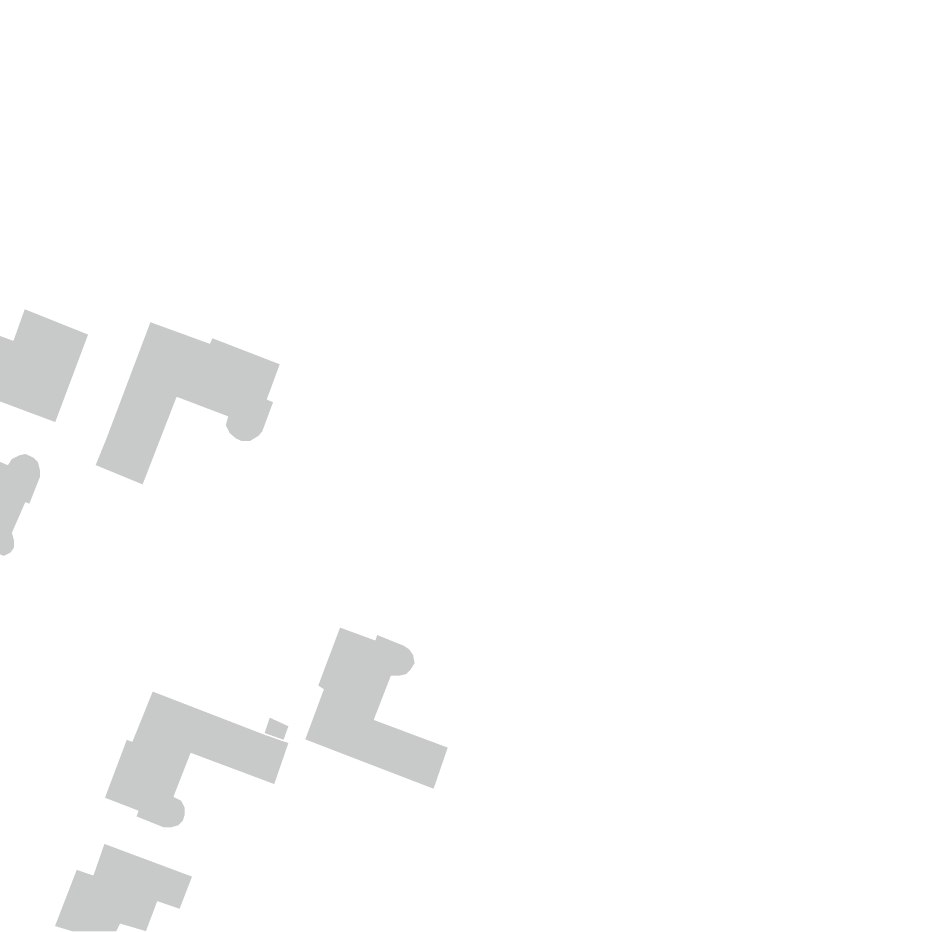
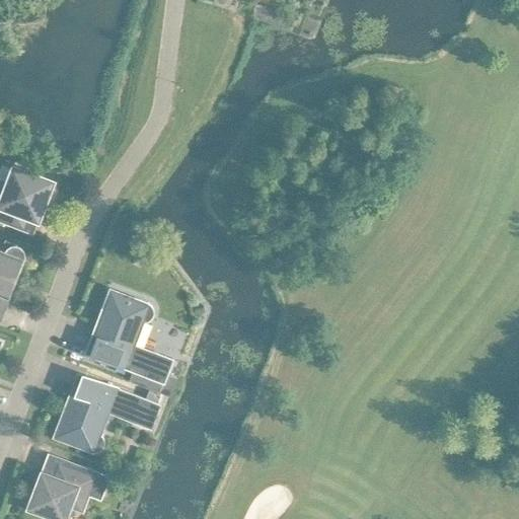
building: [94,321,281,486] -> none
building: [304,627,449,790] -> [91,294,170,383]

